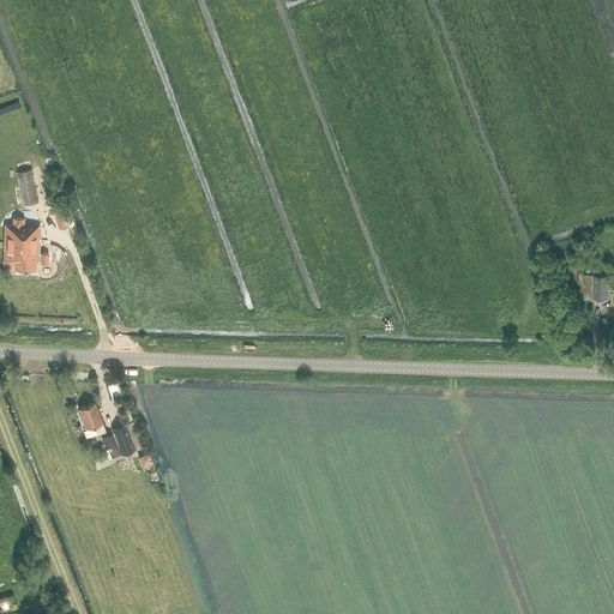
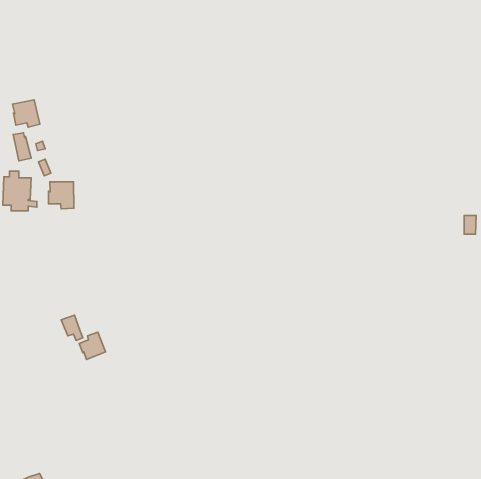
building: none -> [13,100,40,127]
building: none -> [49,182,74,209]

